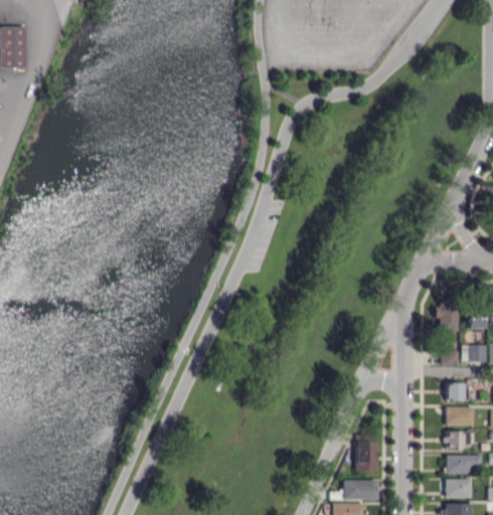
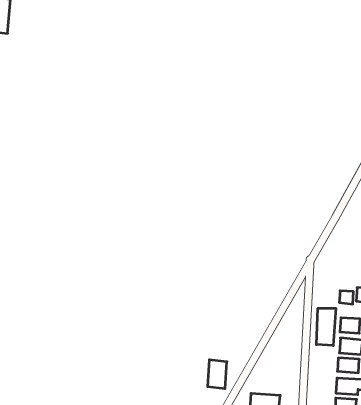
building: [436,302,458,332] -> none
building: none -> [316,308,336,346]
building: [356,439,377,472] -> [208,360,227,389]

